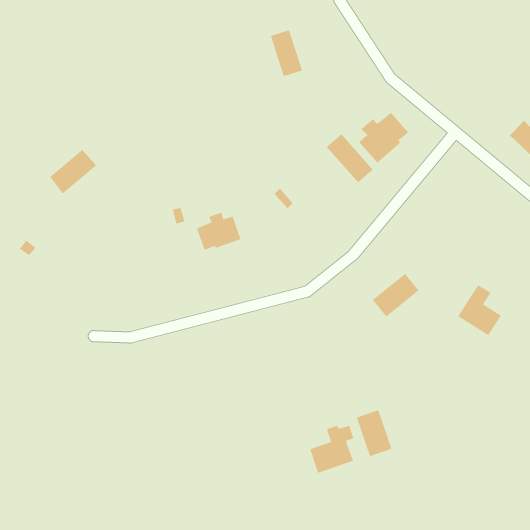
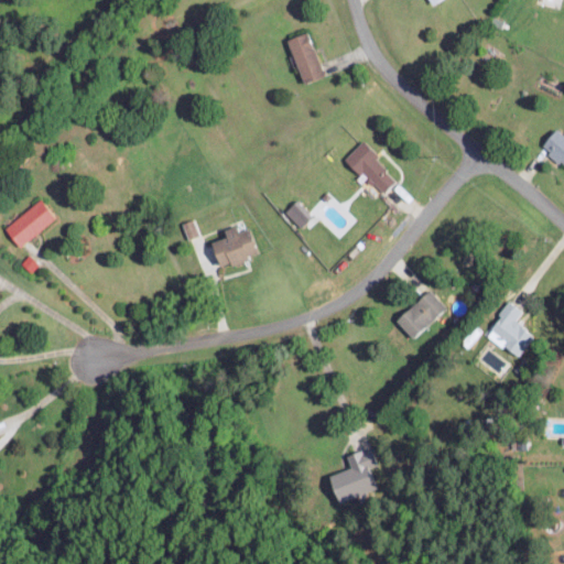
building: [358,112,409,163] -> none
building: [49,149,97,195] -> [7,200,57,249]
building: [356,409,392,457] -> none

